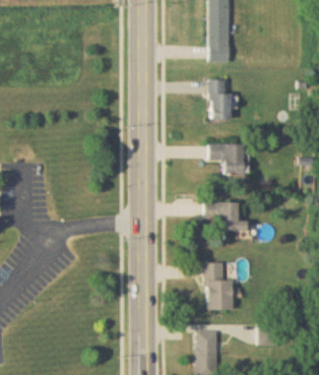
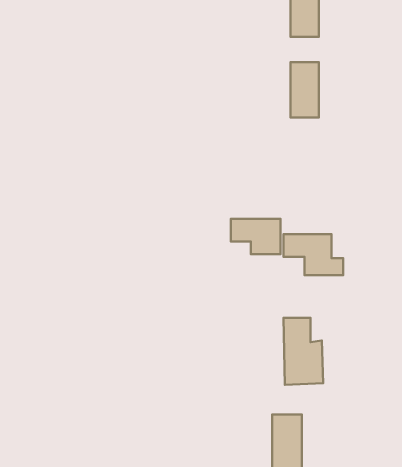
building: [209,145,245,171] -> [231,219,281,254]

